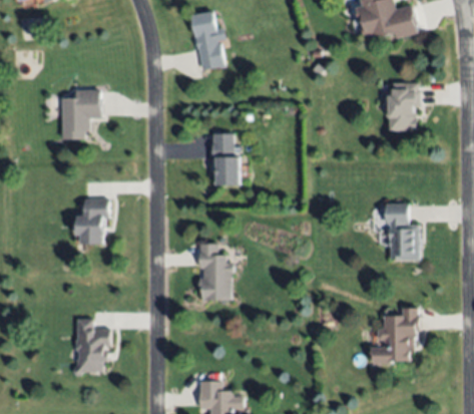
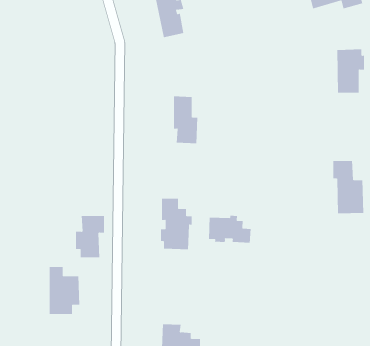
building: [61,90,100,138] -> none
building: [76,198,108,245] -> [75,215,105,258]
building: none -> [209,215,251,244]
building: [370,308,418,363] -> none

